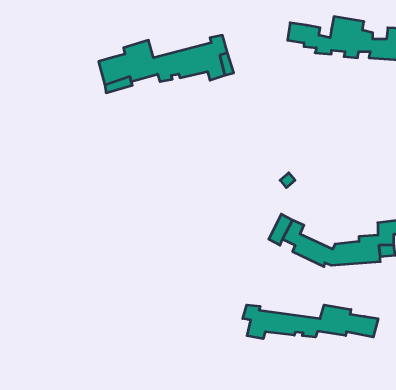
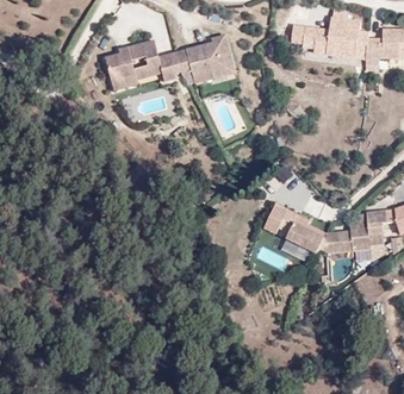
building: [243,305,378,339] -> none

